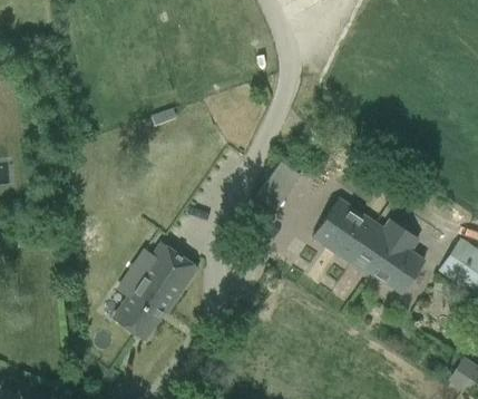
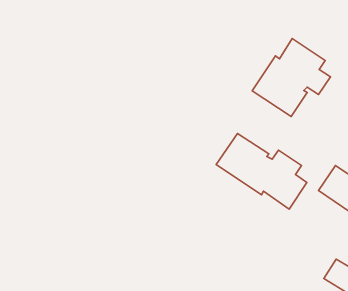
building: none -> [252,38,330,116]
building: [114,244,196,339] -> none

